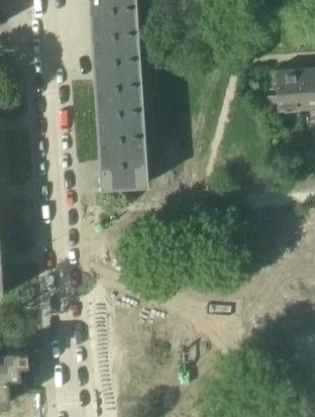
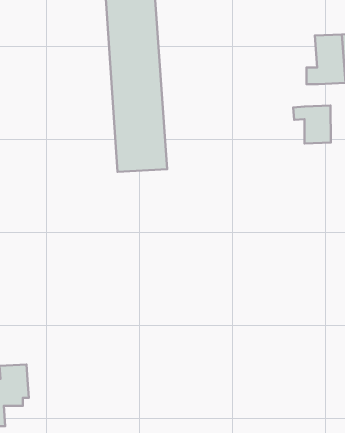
building: none -> [293,105,331,144]

